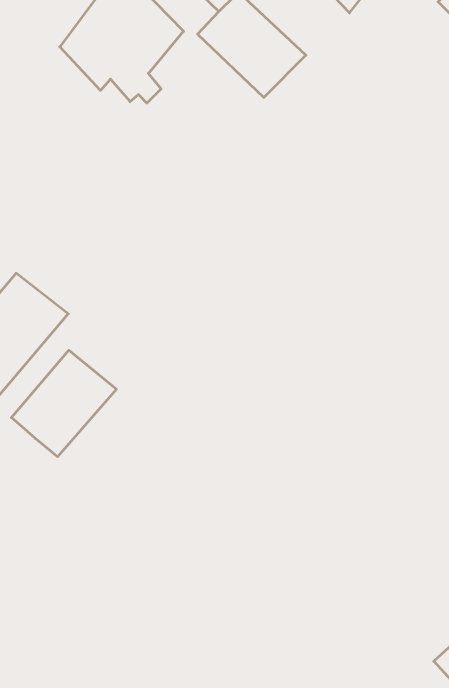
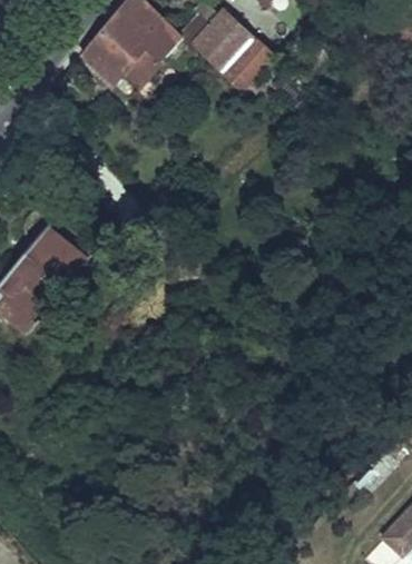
building: [11,350,116,457] -> none

